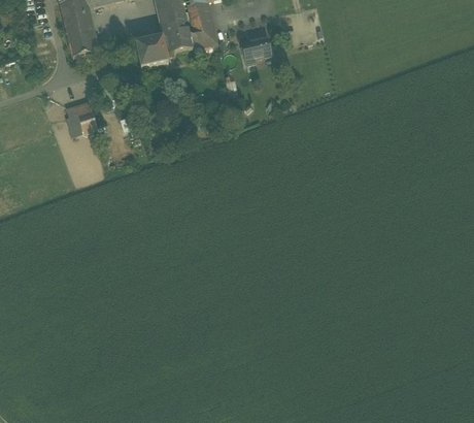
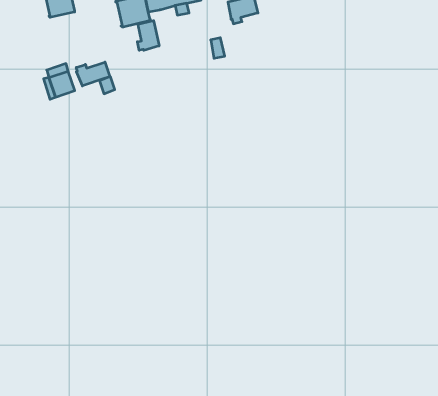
building: none -> [137,21,159,50]
building: none -> [76,62,110,86]

